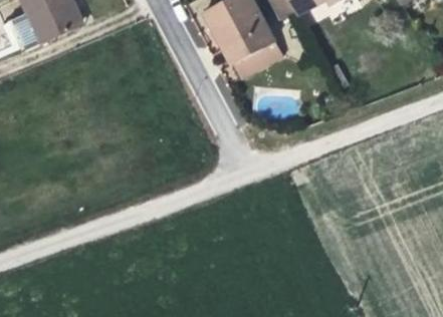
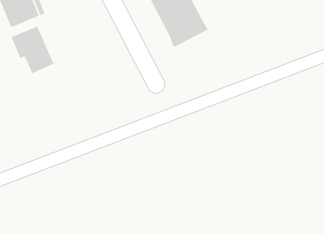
building: none -> [10,25,54,74]

